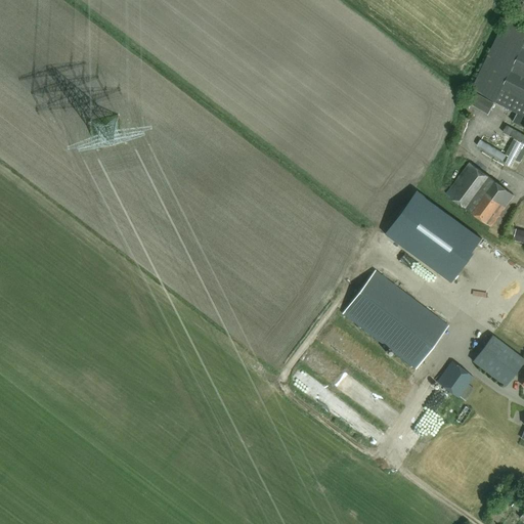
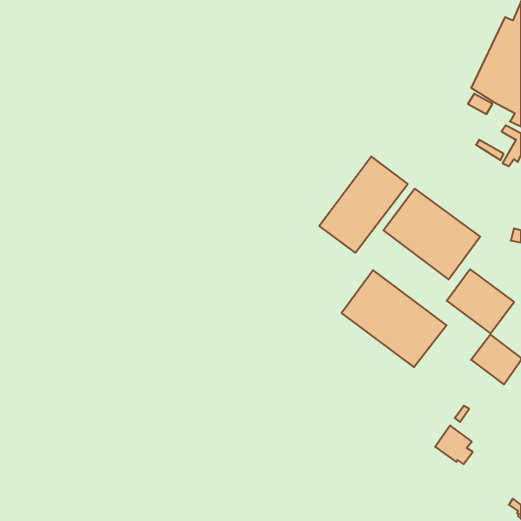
building: none -> [319,156,408,253]
building: [446,163,514,227] -> [447,269,514,333]
building: [437,361,475,400] -> [435,425,473,464]

